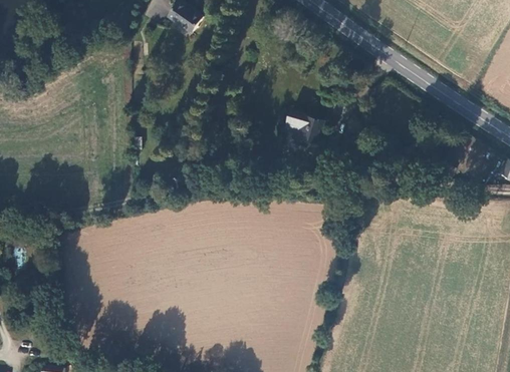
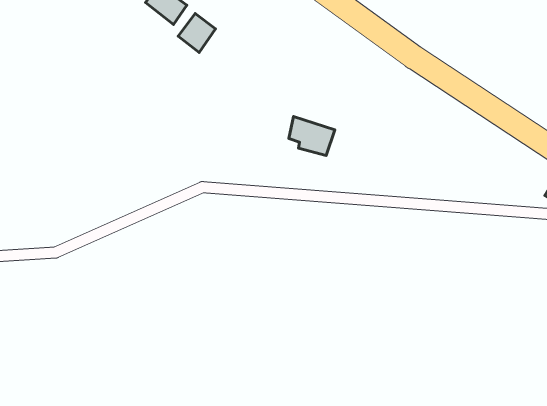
building: none -> [178,14,215,52]

